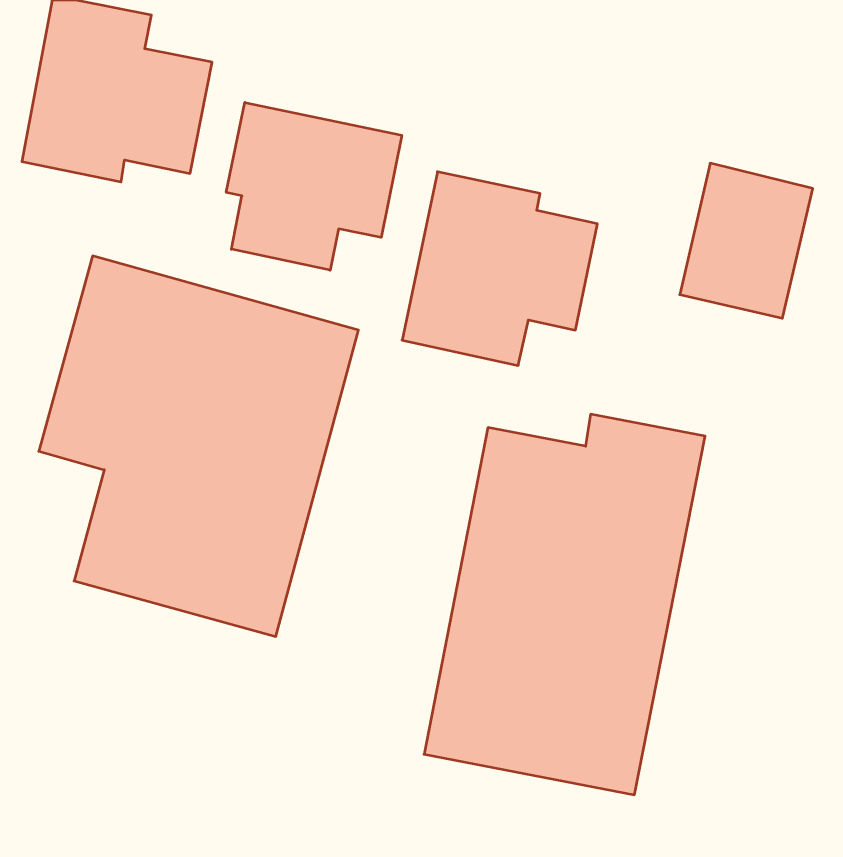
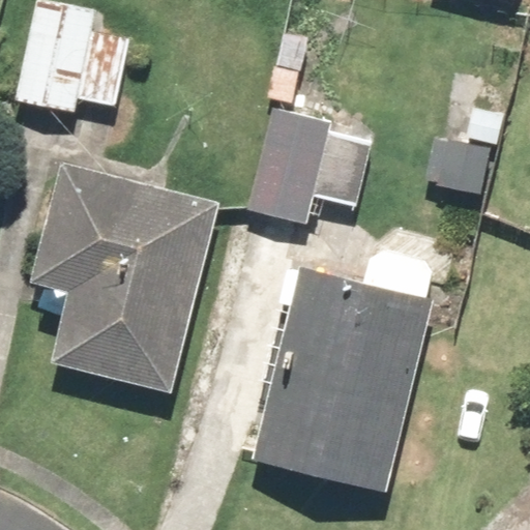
building: [226,102,402,270] -> none

